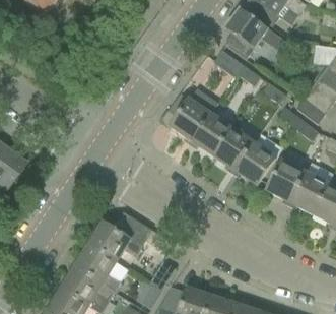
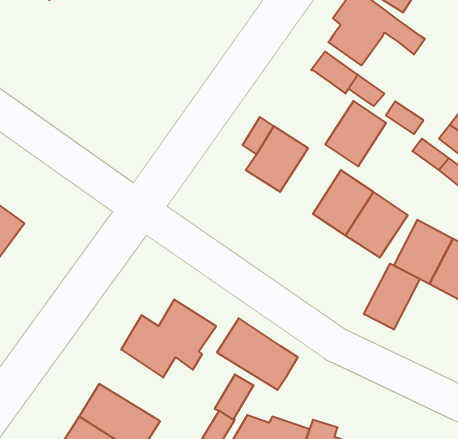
building: [193,113,232,155] -> [325,101,386,166]
building: none -> [364,264,420,330]
building: [75,244,128,291] -> [217,318,298,390]

